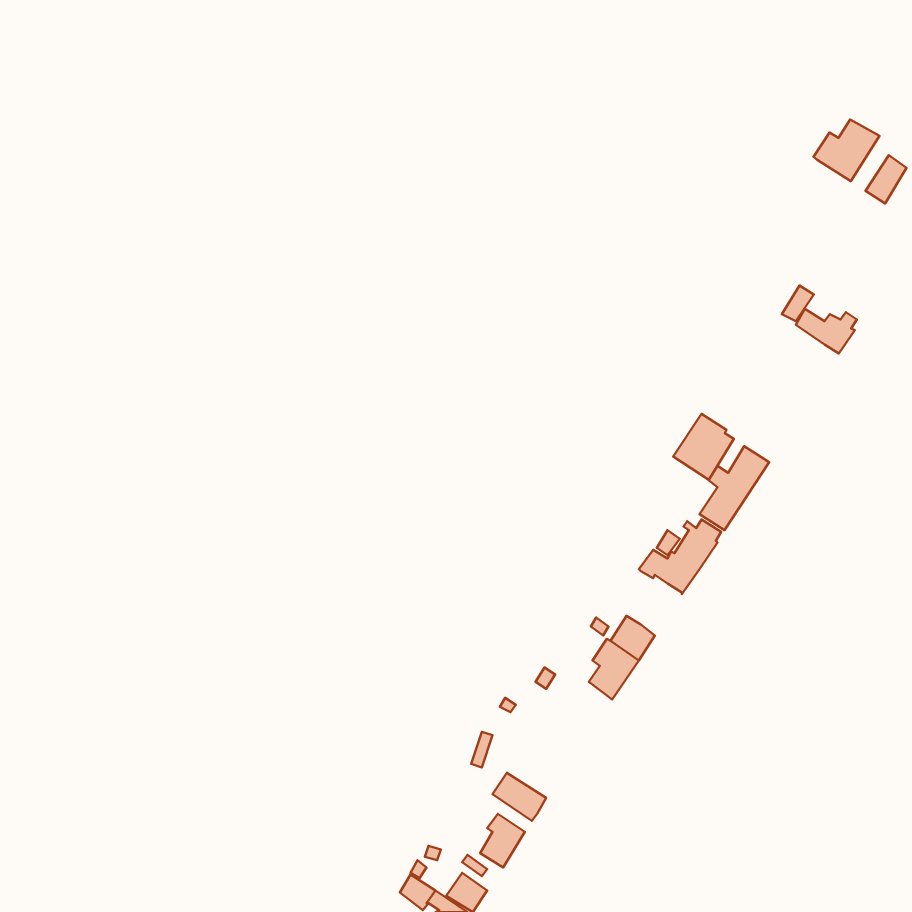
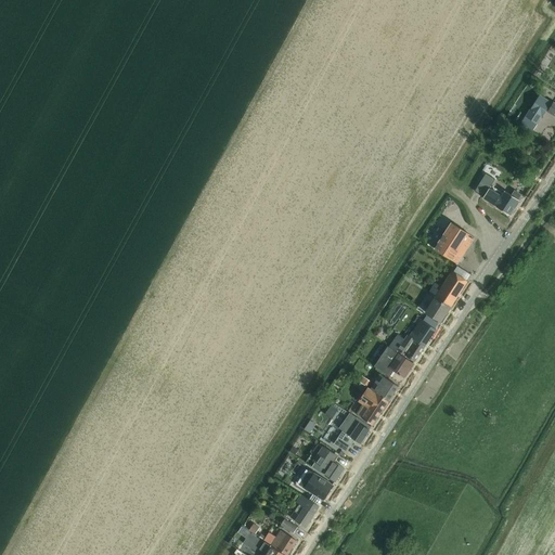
building: [814,120,880,181] -> none
building: [673,414,734,480] -> [436,223,473,263]
building: none -> [375,347,413,377]
building: none -> [334,417,371,452]
building: none -> [305,443,344,481]

